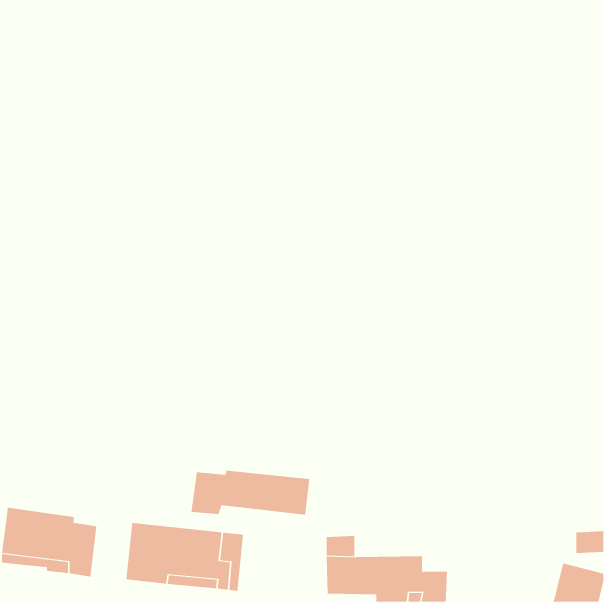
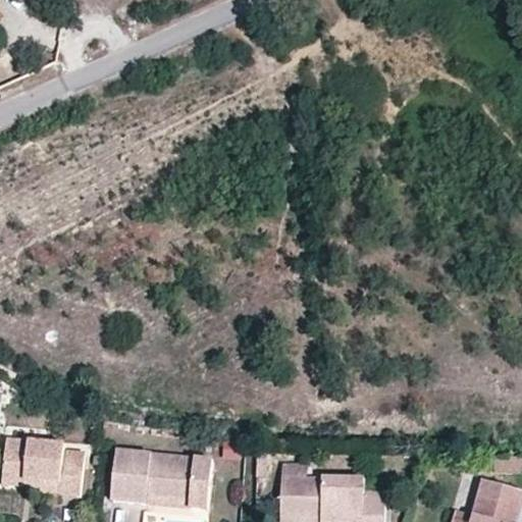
building: [191,470,310,515] -> none

